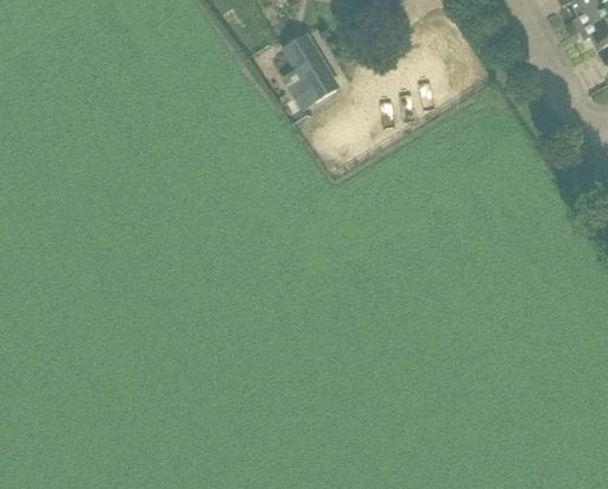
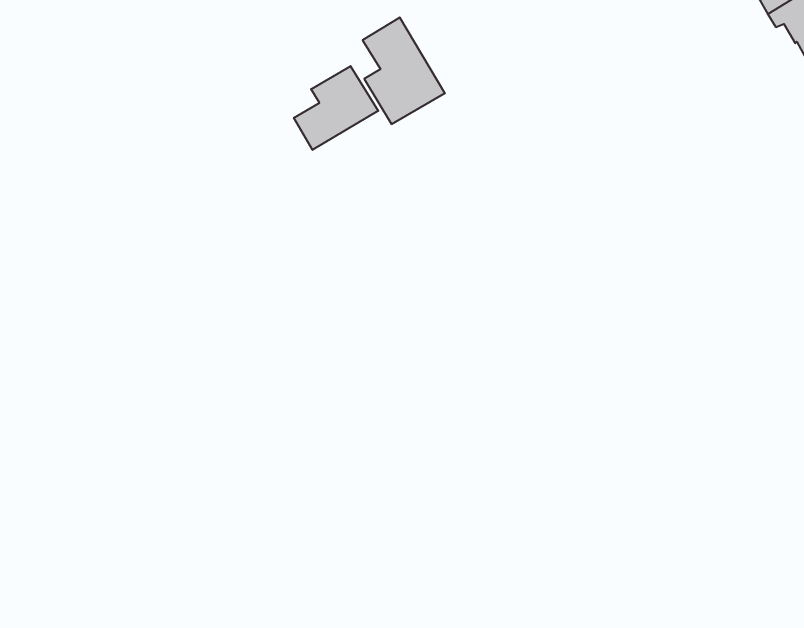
building: none -> [294,66,378,150]

